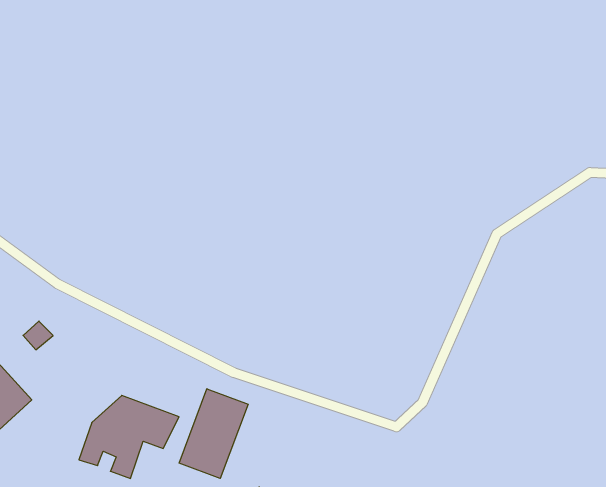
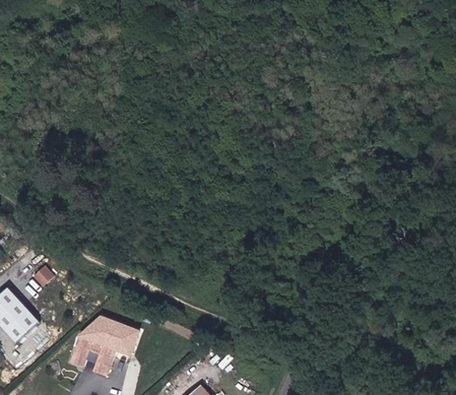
building: [179,389,248,478] -> none

